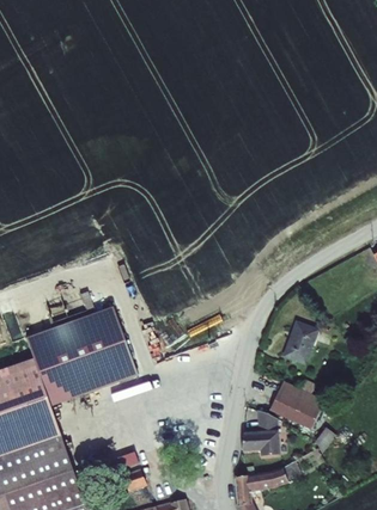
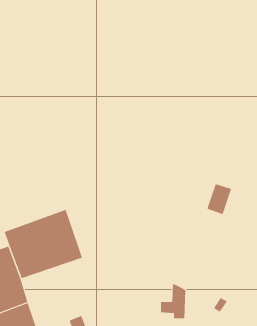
building: [284,321,318,364] -> [207,183,232,215]
building: [268,380,326,430] -> none

